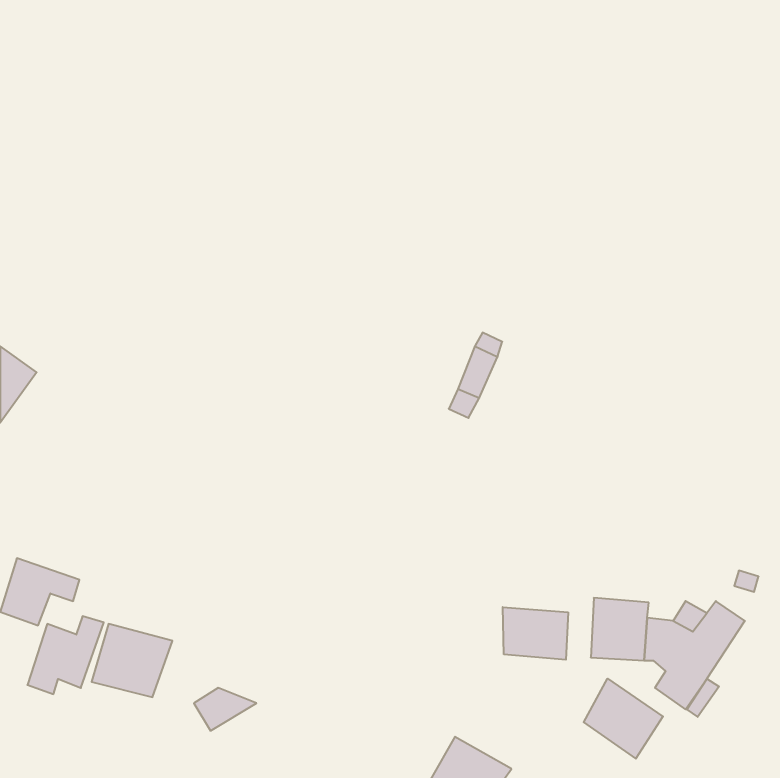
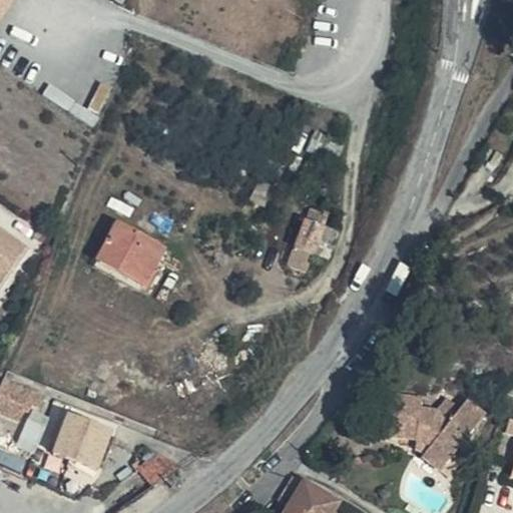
building: none -> [90,221,160,286]
building: [503,607,568,660] -> none
building: [584,679,663,759] -> none

